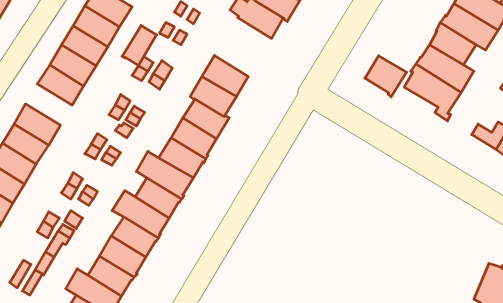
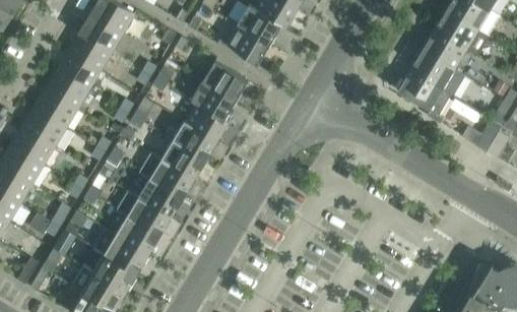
building: none -> [227,23,270,63]
building: [122,25,157,65] -> none
building: [365,56,407,97] -> none
building: none -> [34,87,78,127]

